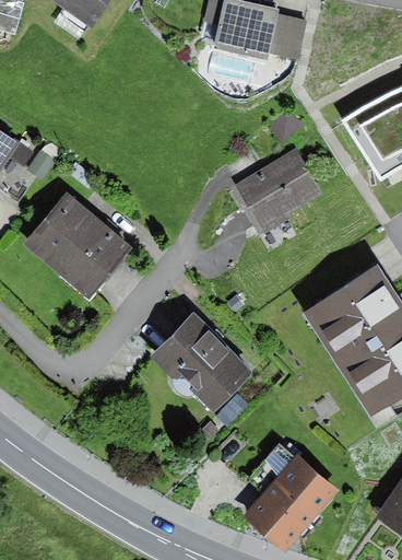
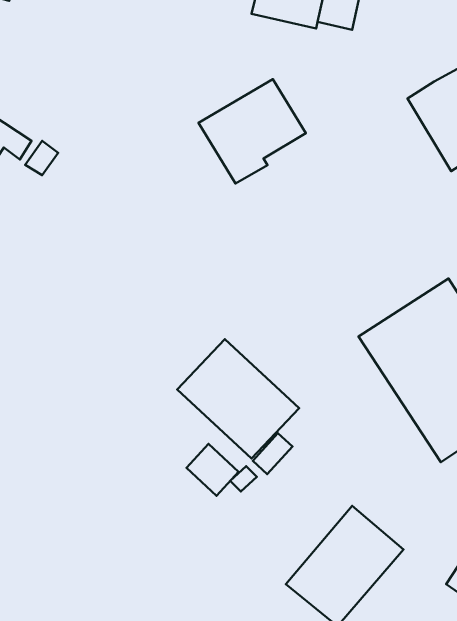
building: [234,148,322,234] -> [199,79,306,184]
building: [24,191,134,299] -> none
building: none -> [186,444,238,496]

